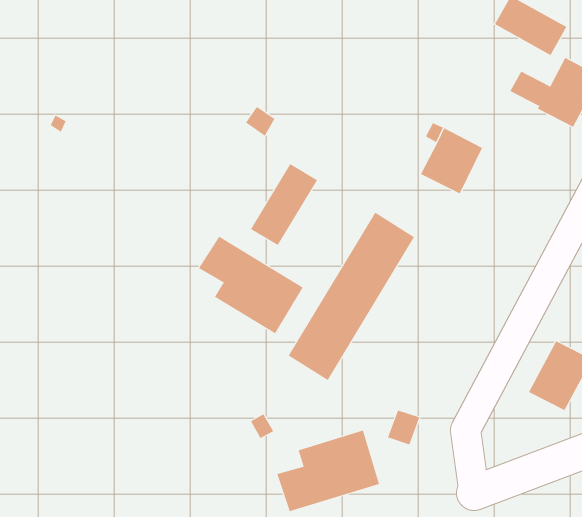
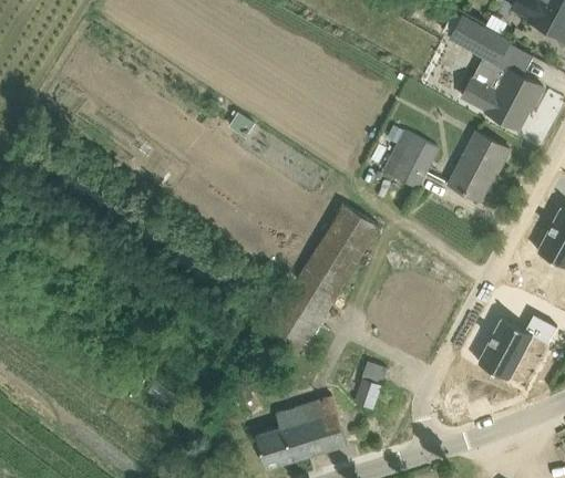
building: none -> [448,132,510,200]
building: [250,163,318,246] -> none
building: [198,236,304,334] -> none

